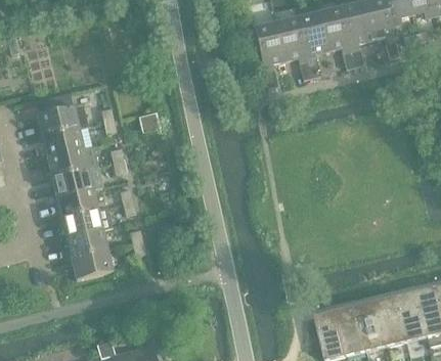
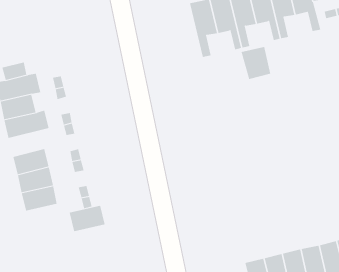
building: none -> [241,46,271,80]
building: [51,166,102,197] -> none
building: [71,250,112,279] -> [69,205,106,232]

